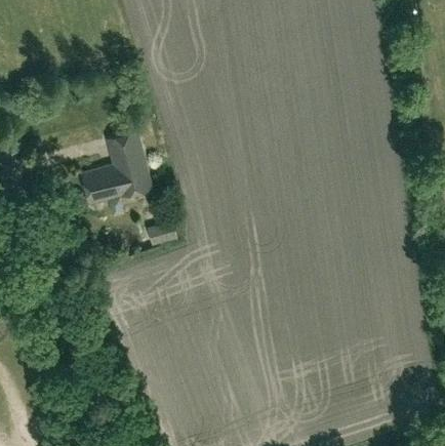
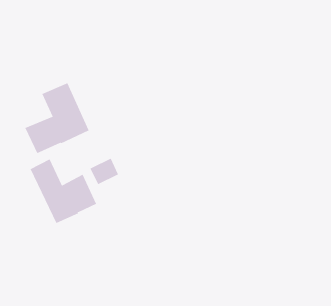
building: none -> [30,158,97,224]

